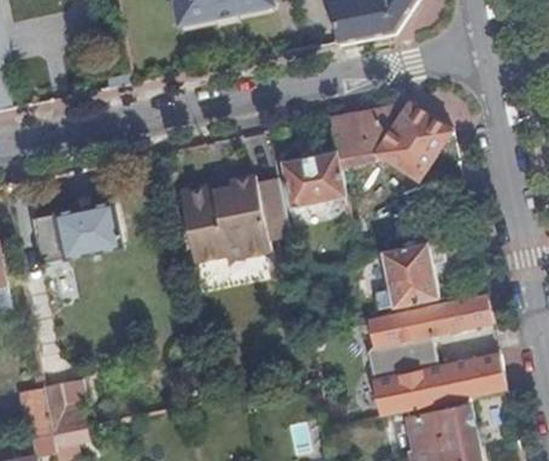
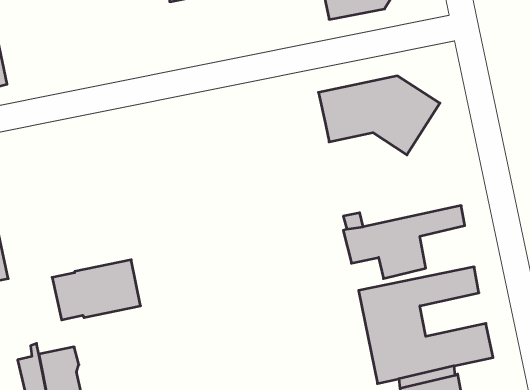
building: [281,150,346,209] -> none
building: [178,176,289,262] -> none
building: [31,201,122,262] -> [52,260,141,320]

